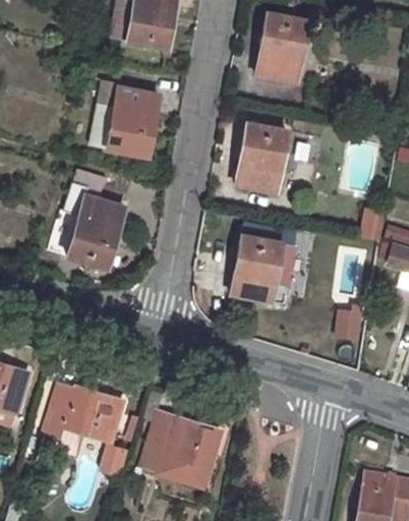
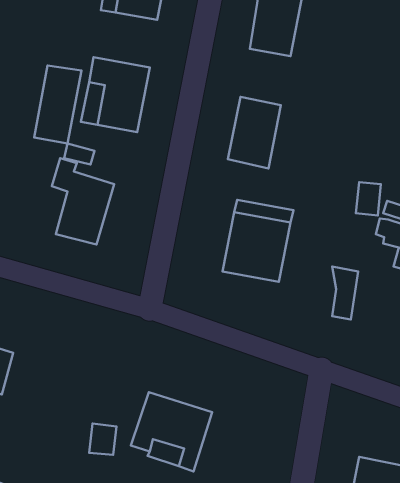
building: none -> [34,66,81,144]
building: [44,385,123,442] -> none

